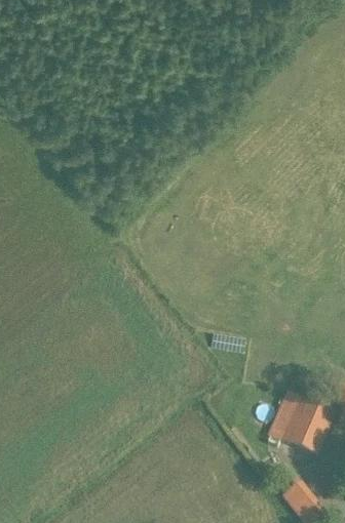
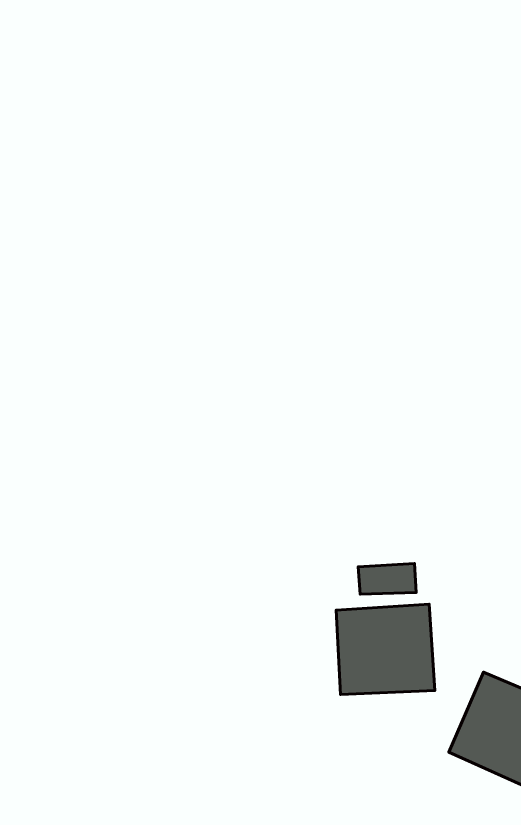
building: none -> [336,604,435,694]

